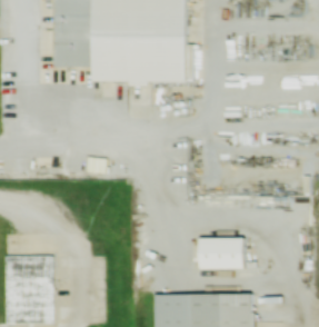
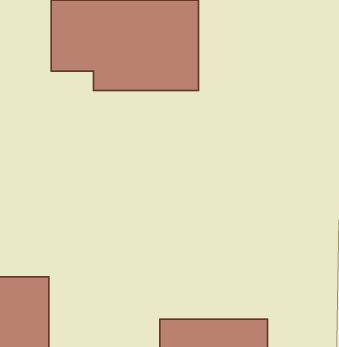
building: [199,237,245,268] -> none

